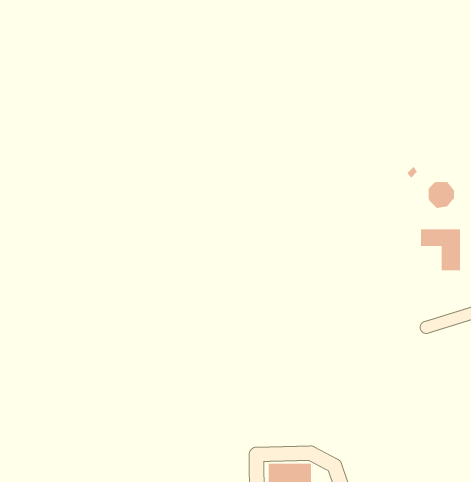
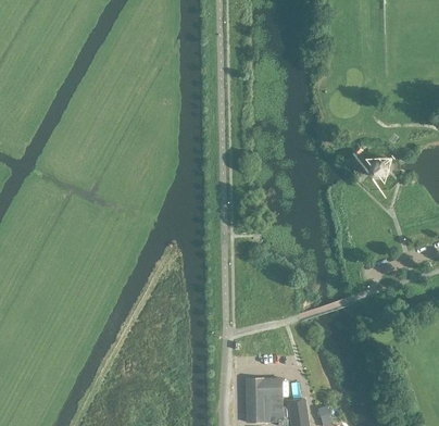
building: [420,229,460,271] -> none

